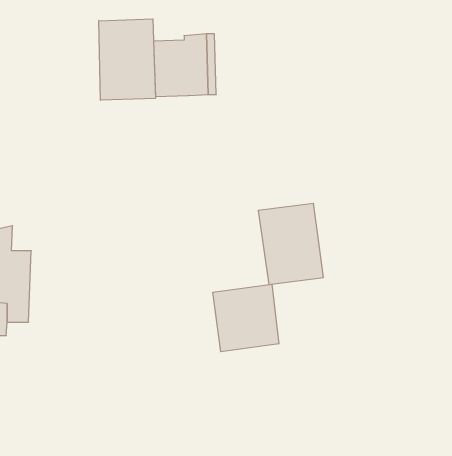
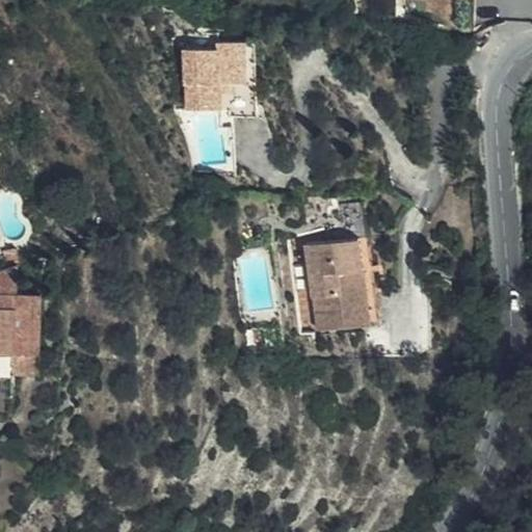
building: [99,19,155,100] -> none
building: [213,284,279,352] -> none

